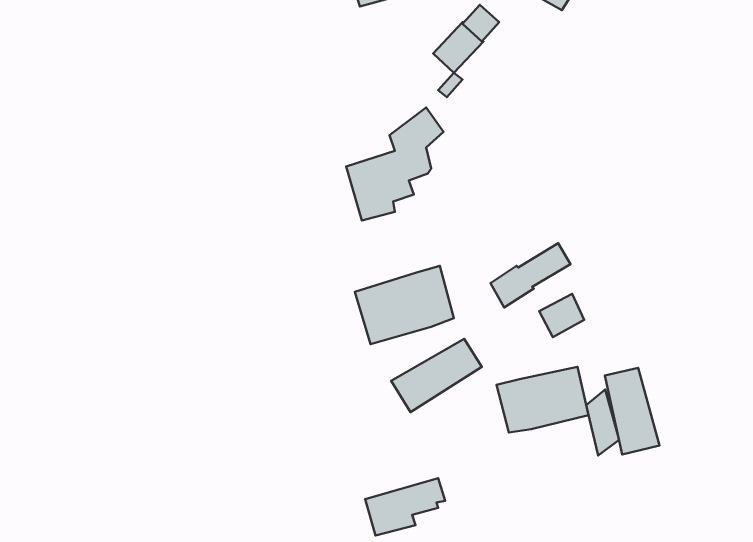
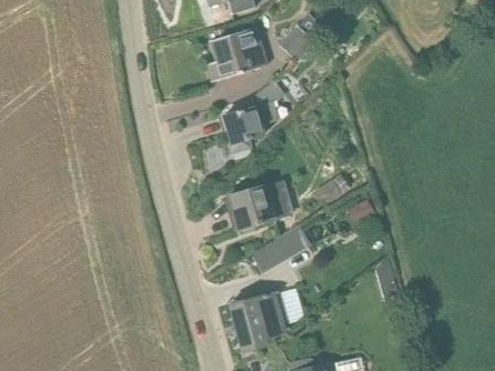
building: none -> [208,27,267,80]
building: [497,367,588,432] -> none
building: [605,368,660,454] -> none
building: none -> [229,291,282,328]

